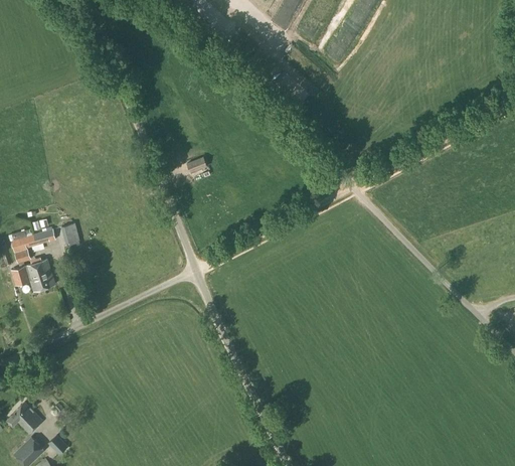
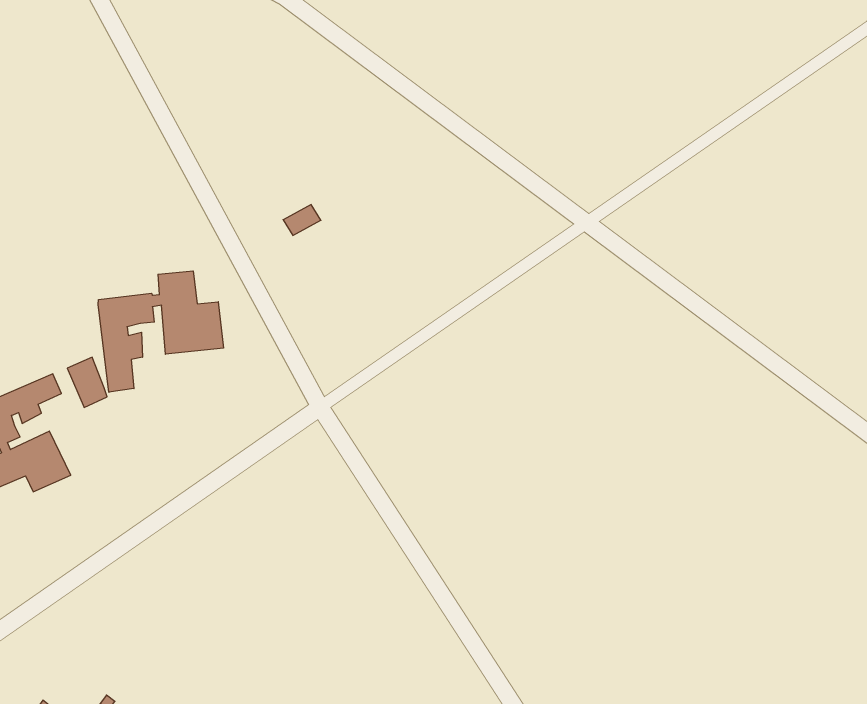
building: none -> [98,271,223,392]

